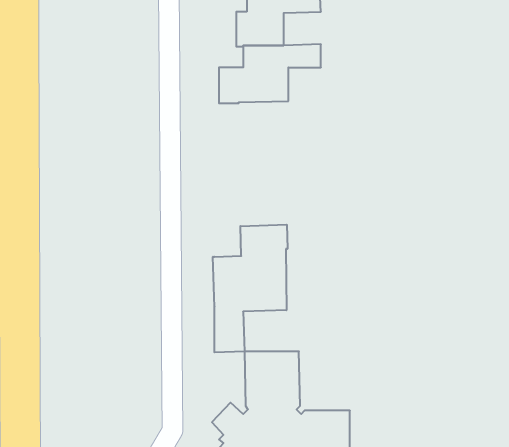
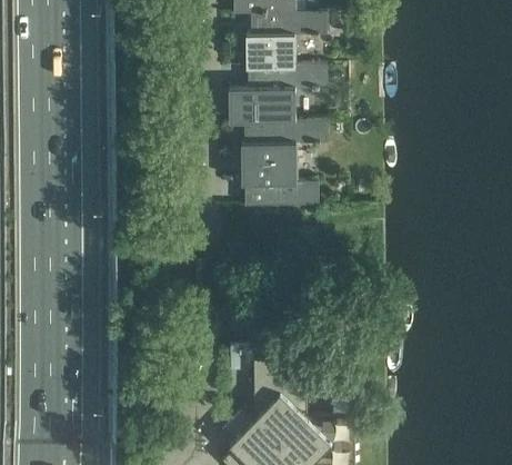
building: none -> [241,120,328,207]
building: [213,225,287,352] -> none

